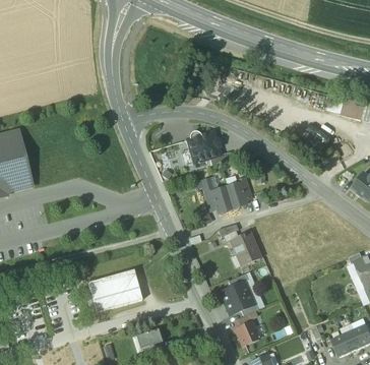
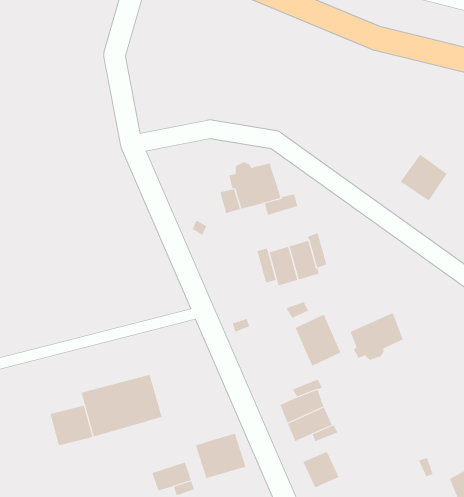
building: none -> [350,312,403,360]
building: none -> [50,405,93,446]
building: none -> [195,433,246,479]

